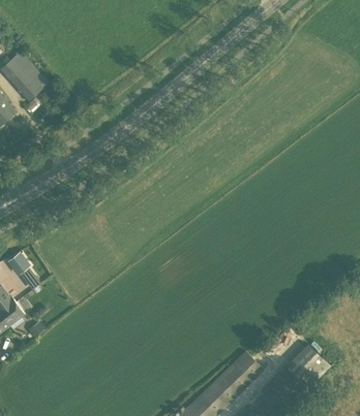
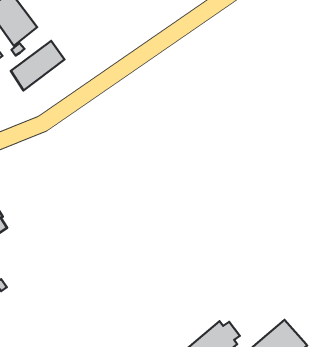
building: none -> [11,41,65,91]

